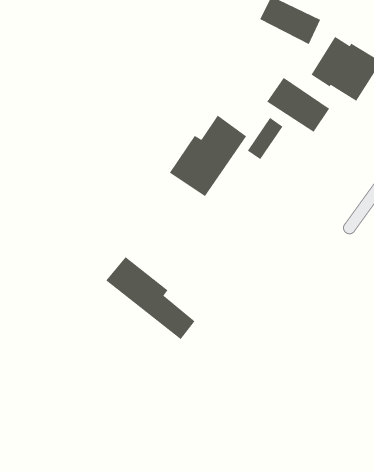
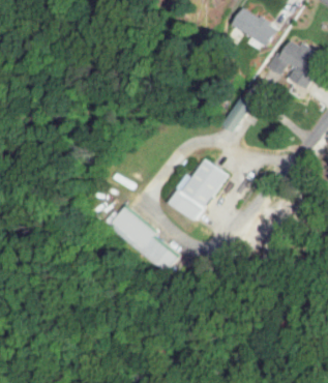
building: [266,77,330,133] -> none
building: [169,115,247,197] -> [166,158,226,222]

